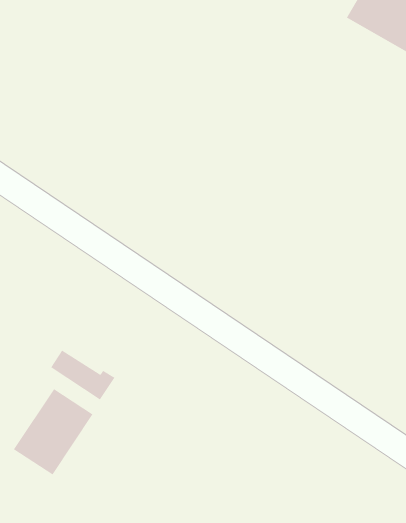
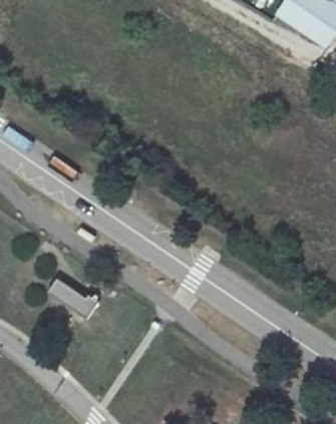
building: [13,388,94,476] -> none

